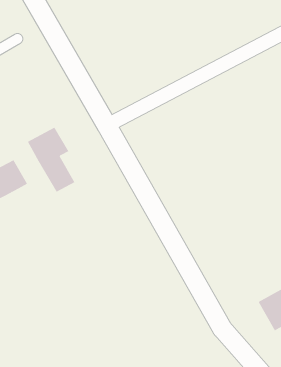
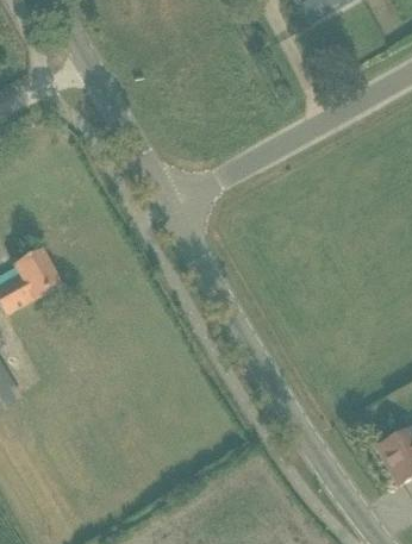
building: [27,127,75,192] -> none

